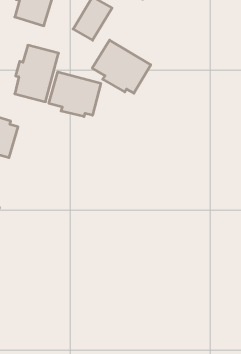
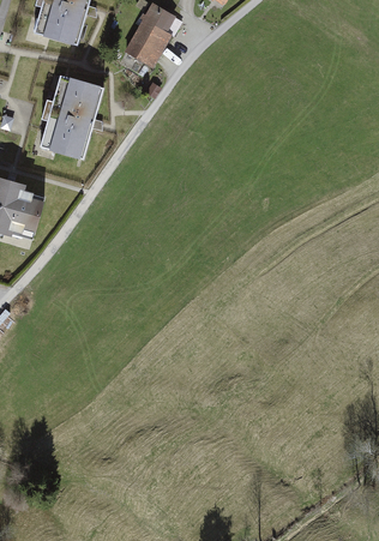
building: [92,40,151,93] -> none
building: [49,72,101,117] -> none

